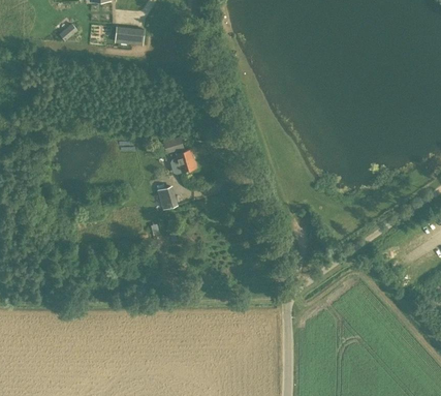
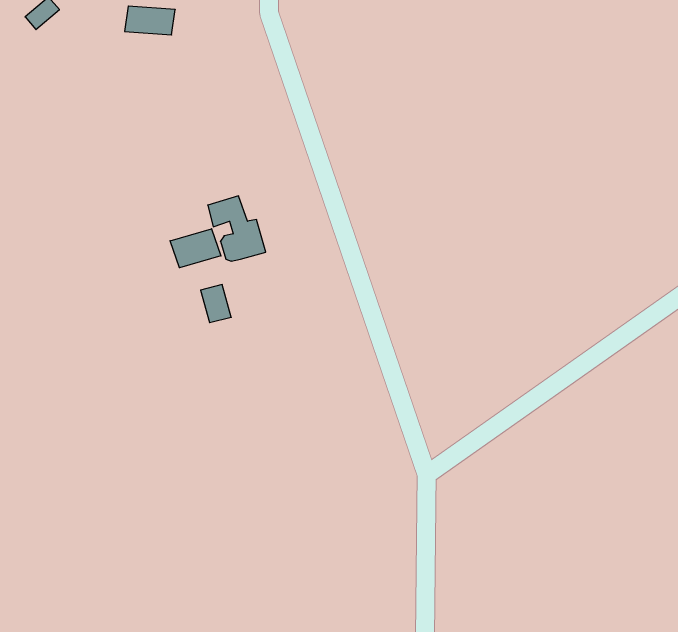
building: none -> [170,229,221,268]

